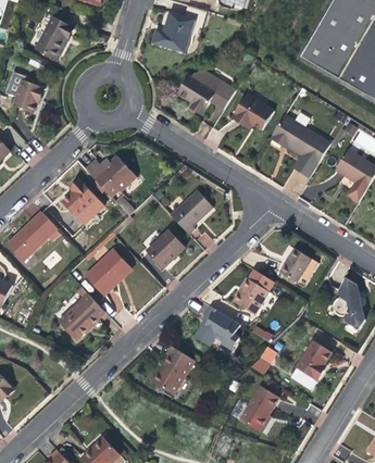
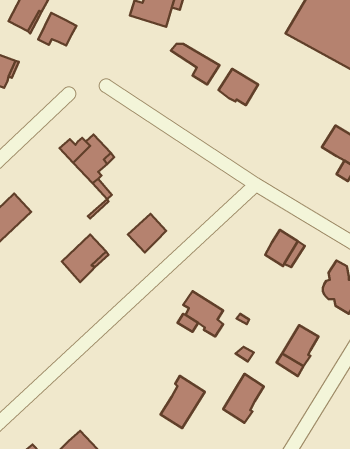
building: none -> [38,13,76,45]
building: [176,74,214,112] -> none
building: [270,113,330,176] -> none
building: [64,182,96,215] -> none
building: [167,193,210,237] -> none
building: [233,278,270,315] -> none
building: [57,295,103,340] -> none
building: [152,346,195,396] -> [160,376,205,428]

